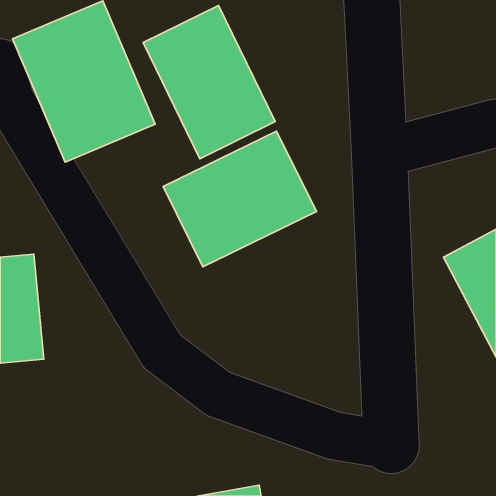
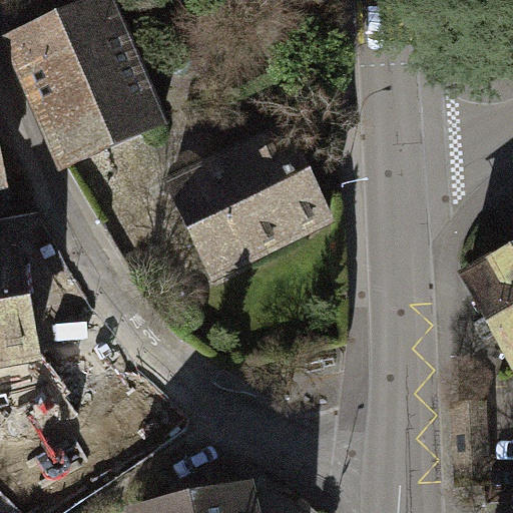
building: [143,5,275,159] -> none

